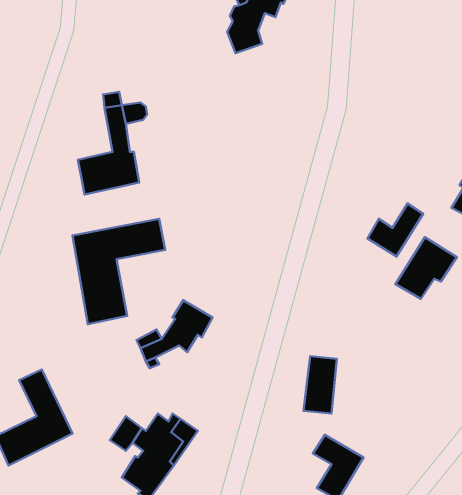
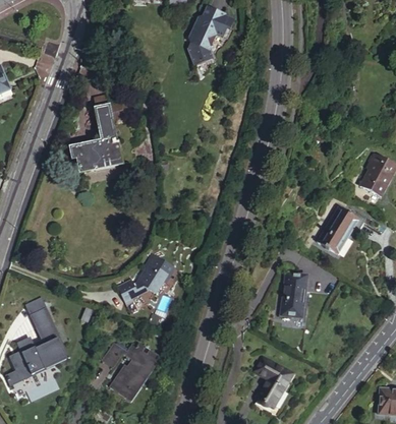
building: [367,204,423,257] -> none
building: [72,219,165,324] -> none
building: [304,356,337,414] -> [280,272,305,316]

